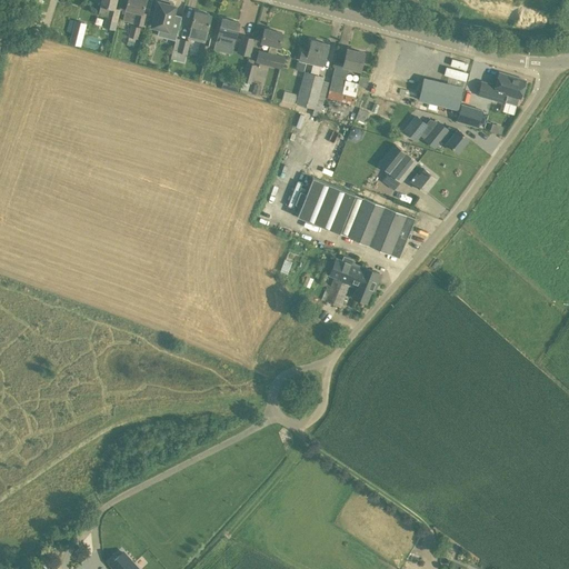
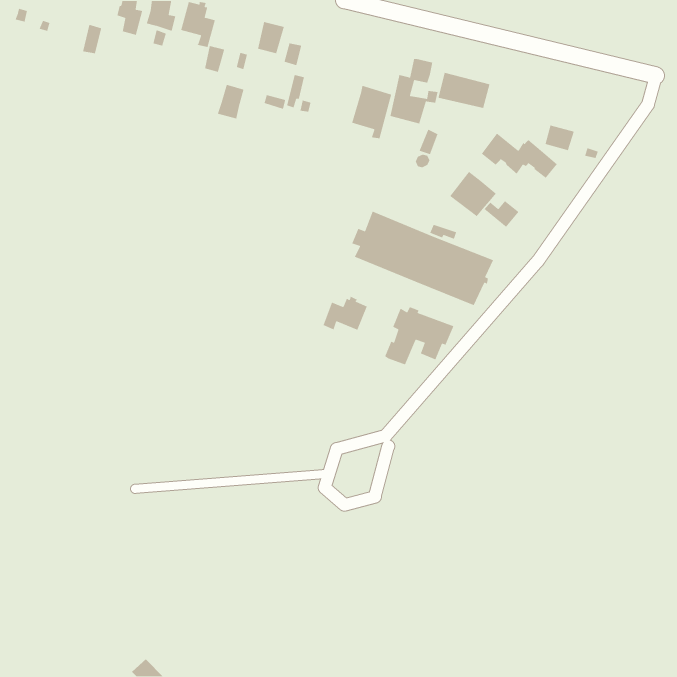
building: [187,11,210,41] -> [217,84,245,120]
building: [254,28,284,69] -> none
building: [298,40,328,66] -> none
building: [477,72,525,104] -> none
building: [418,78,462,109] -> [438,72,491,109]
building: none -> [323,296,368,331]

